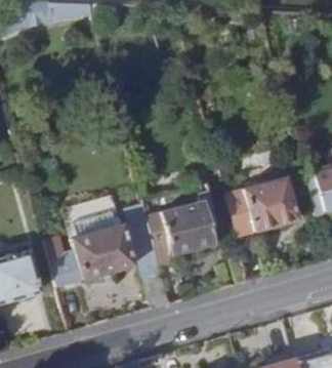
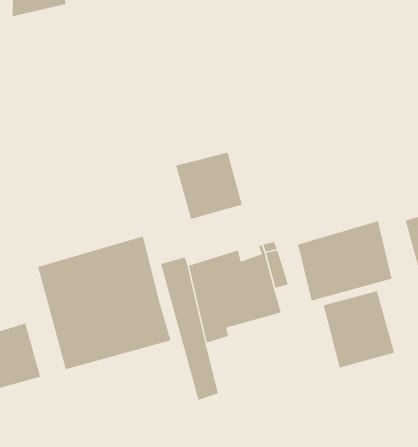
building: none -> [175,152,243,220]
building: none -> [323,290,395,369]

